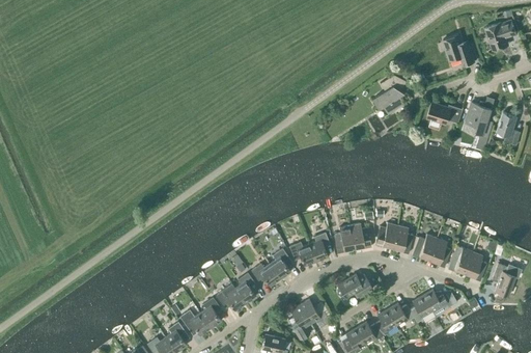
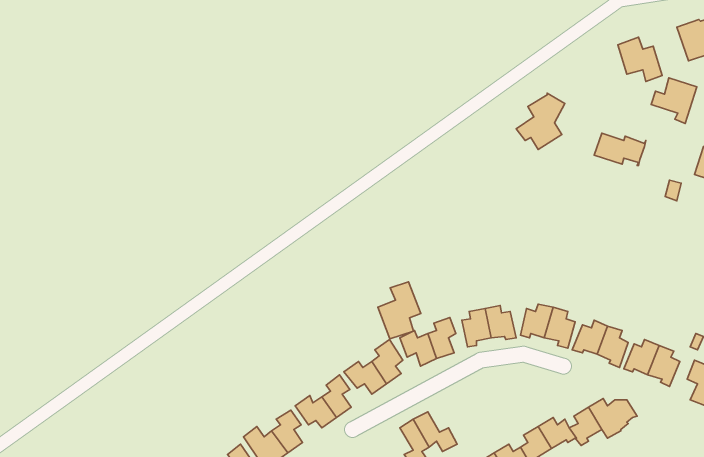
building: [458,102,491,134] -> [651,78,697,124]
building: none -> [378,282,421,339]
building: [337,273,372,297] -> none

